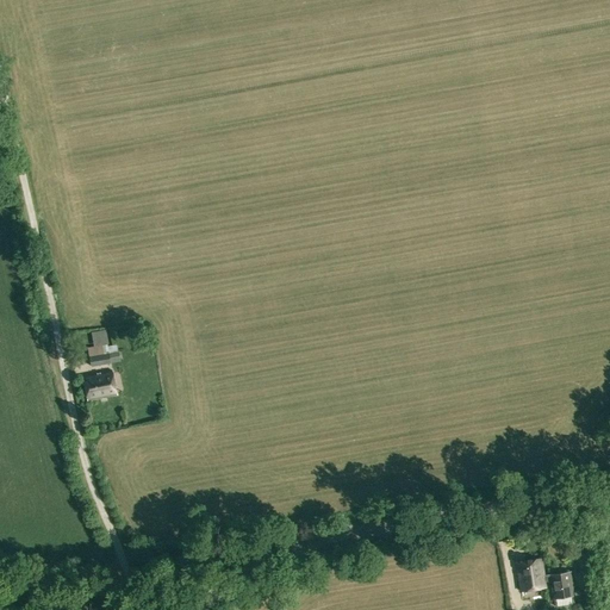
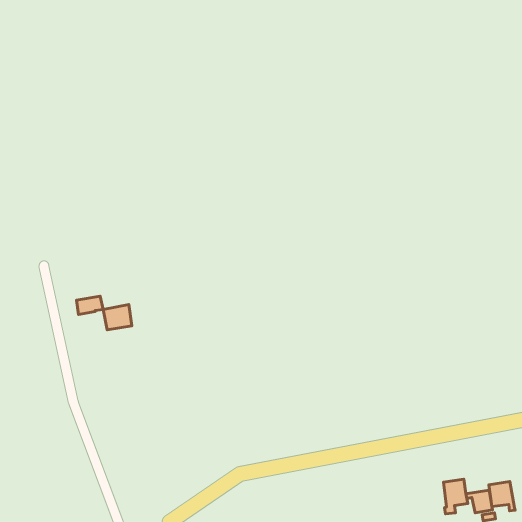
building: [83,371,117,400] -> [103,304,132,330]
building: none -> [489,482,515,511]

